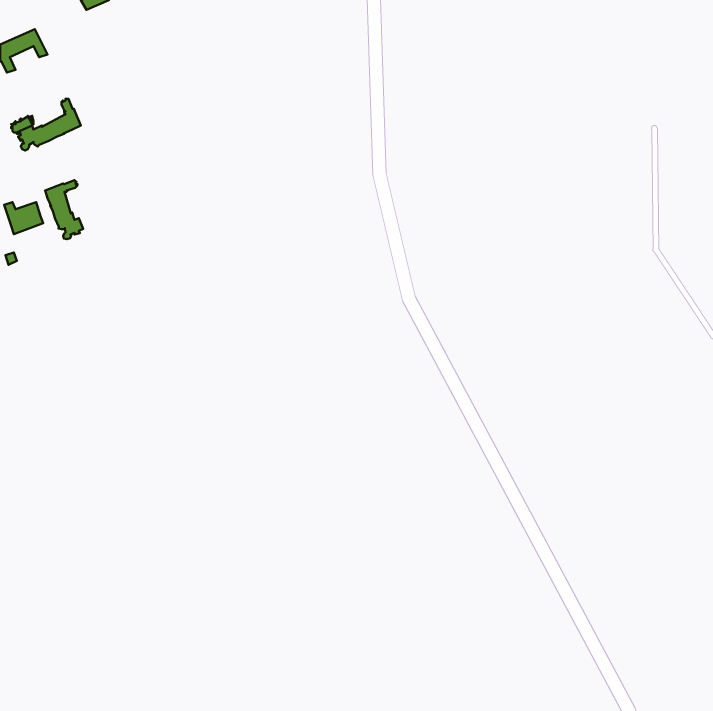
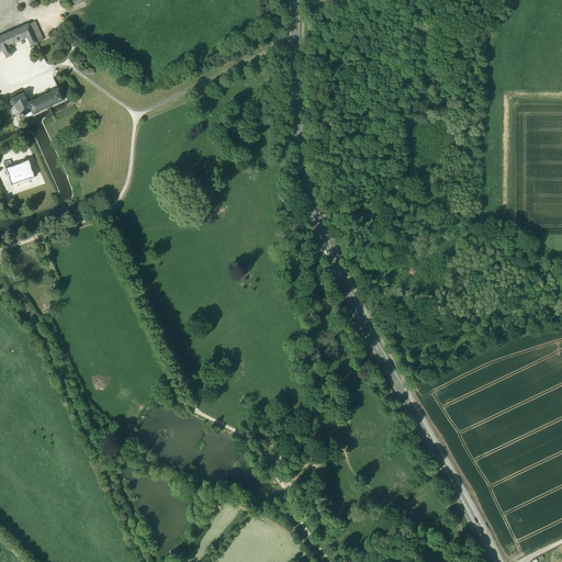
building: [45,180,83,239] -> none

